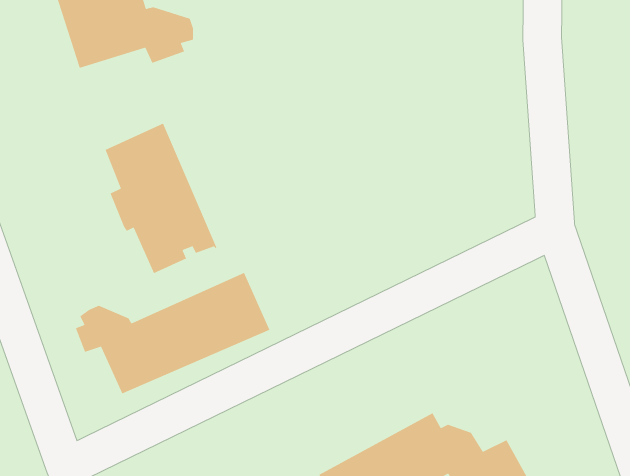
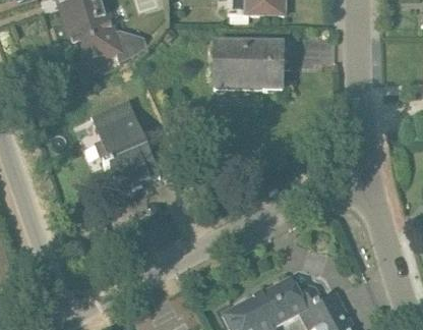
building: none -> [213,38,291,88]
building: [75,272,270,395] -> none

